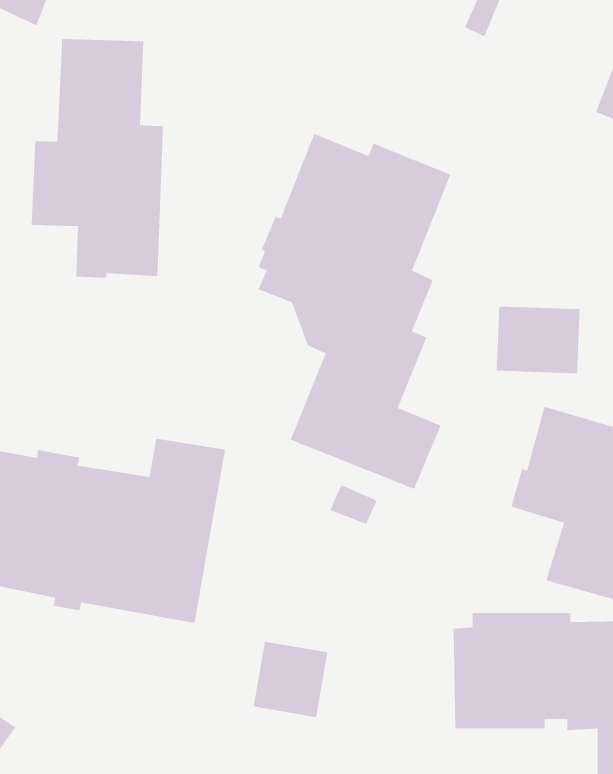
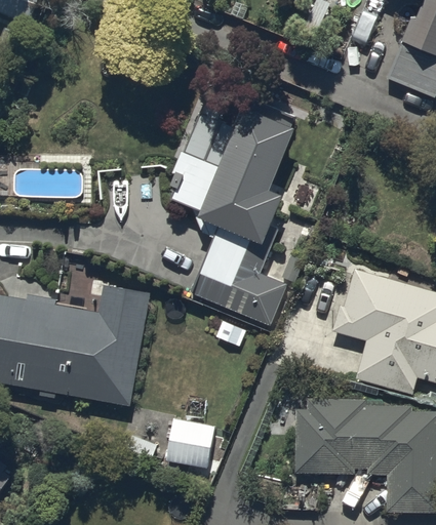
building: [31,38,164,278] -> none
building: [496,306,580,374] -> none

